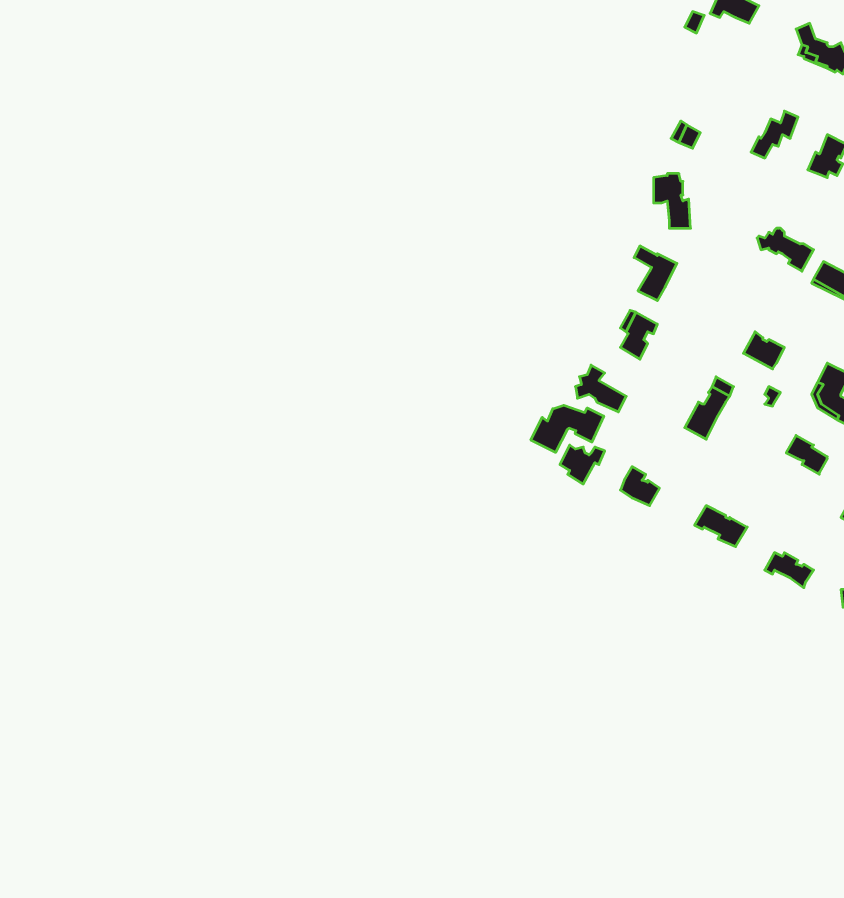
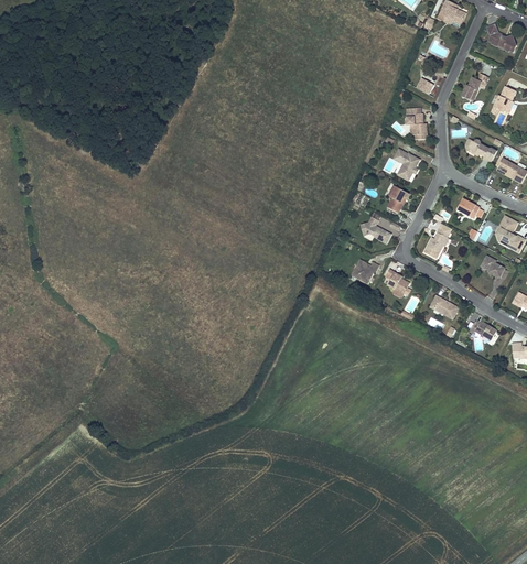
building: [531,405,604,452] -> none

